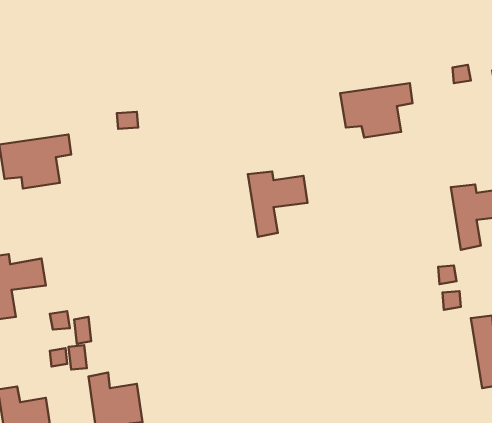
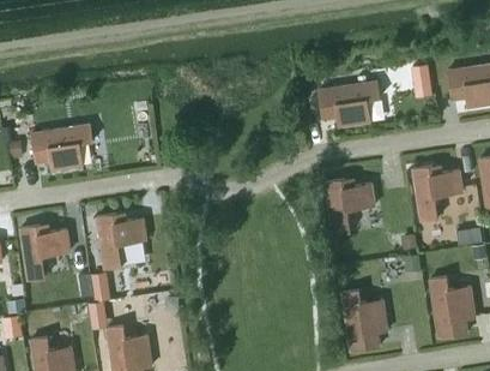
building: [248,171,308,237] -> [325,180,375,235]
building: none -> [97,214,146,269]
building: none -> [341,291,387,352]

